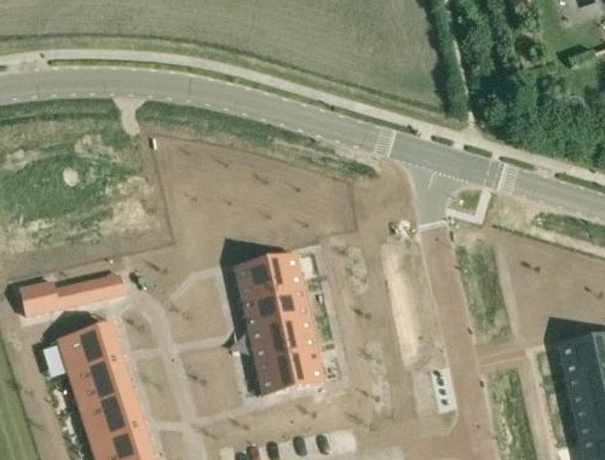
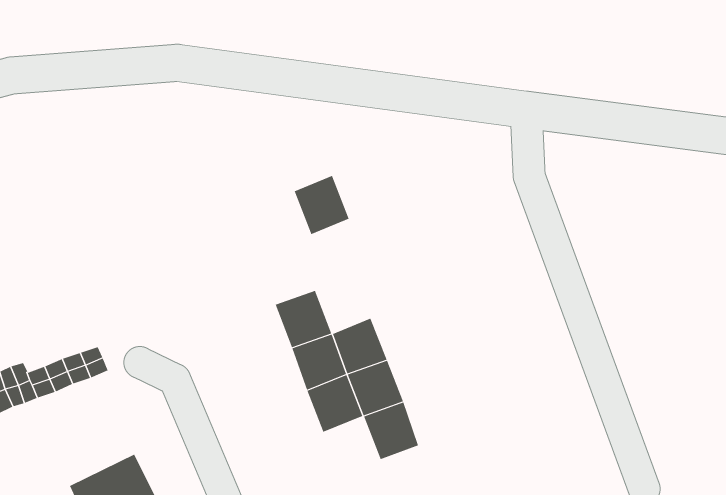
building: [266,253,302,293] -> [294,175,349,235]
building: [60,323,121,373] -> none
building: [257,355,294,393] -> none

